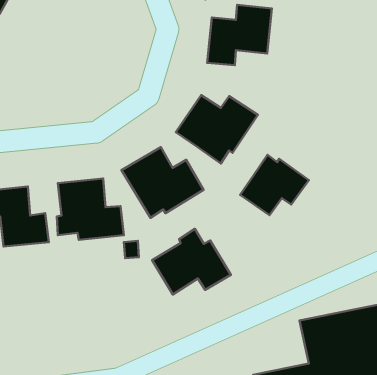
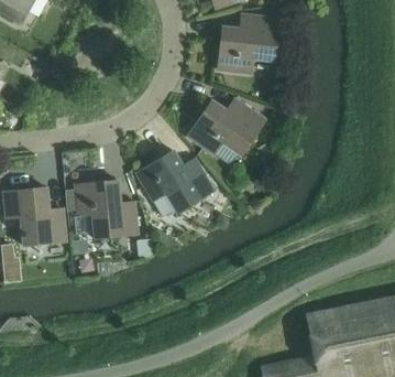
building: [240,155,309,215] -> none
building: [152,229,231,294] -> none

